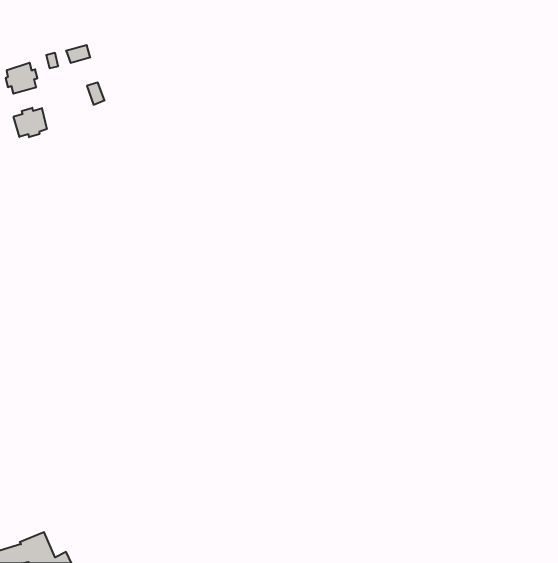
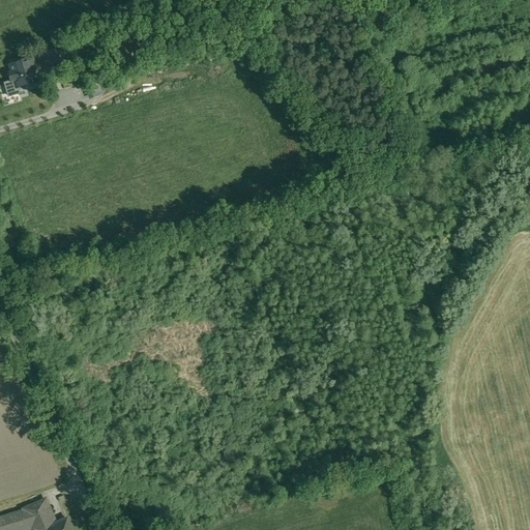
building: [14,108,47,137] -> none

